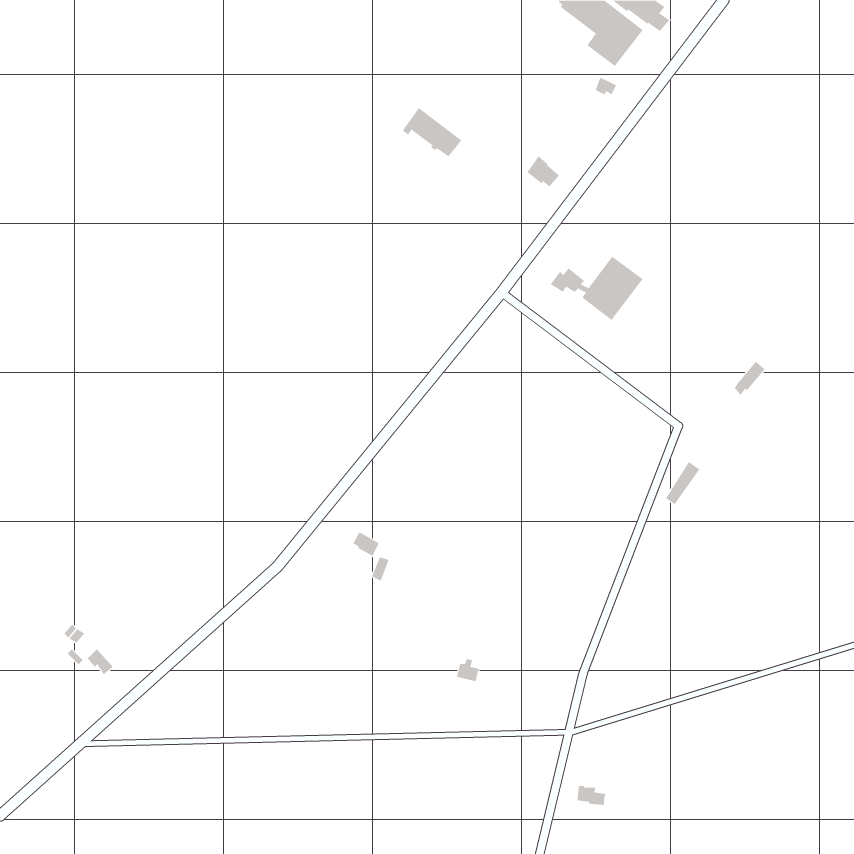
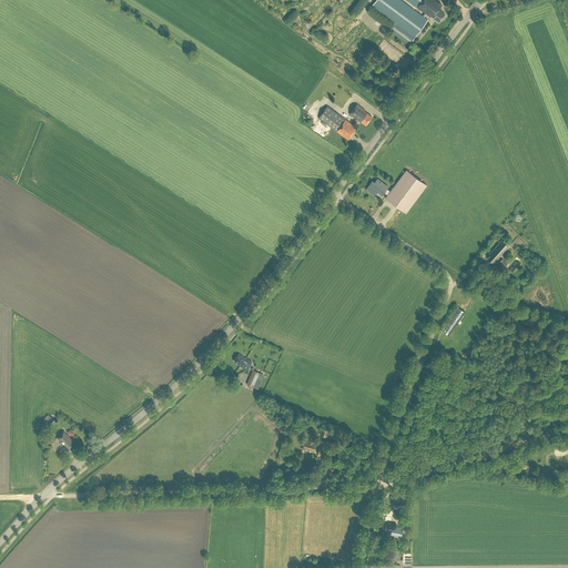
building: [402,107,462,157] -> [316,105,356,139]

